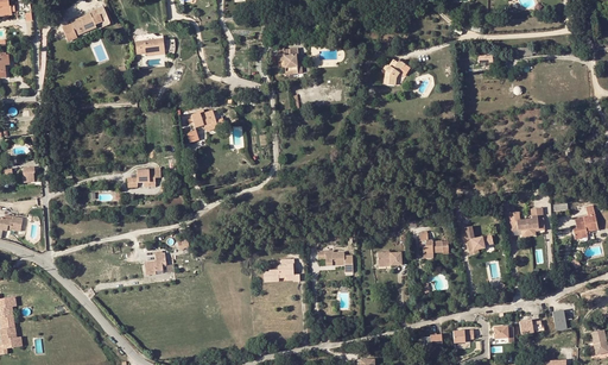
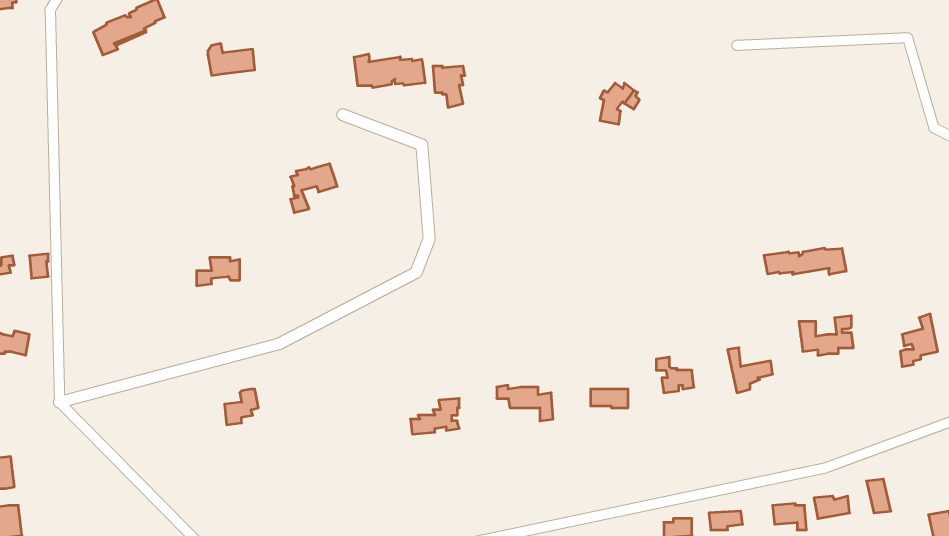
building: none -> [354,54,425,88]
building: none -> [764,248,846,275]

